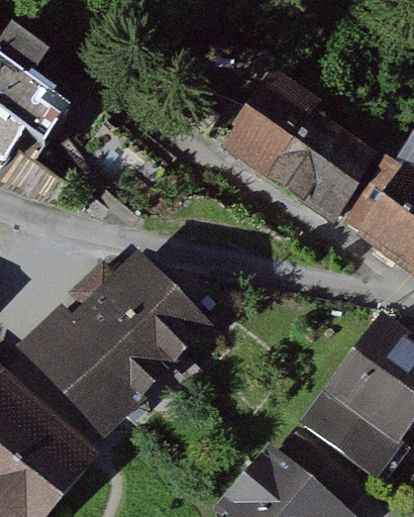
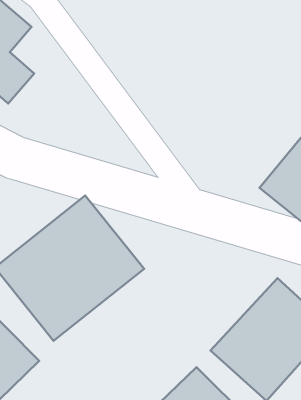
building: [210,77,374,224] -> none

